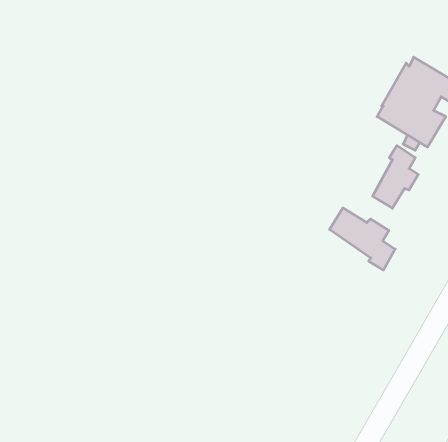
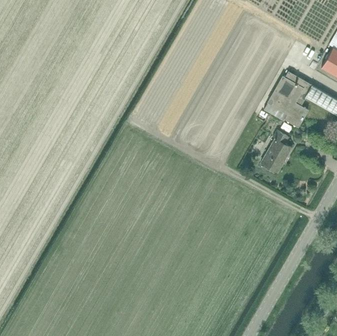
building: [330,208,395,270] -> none

